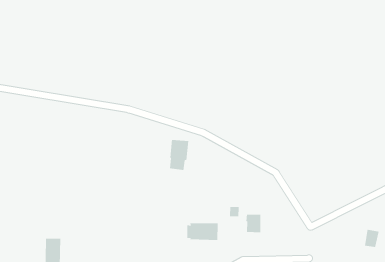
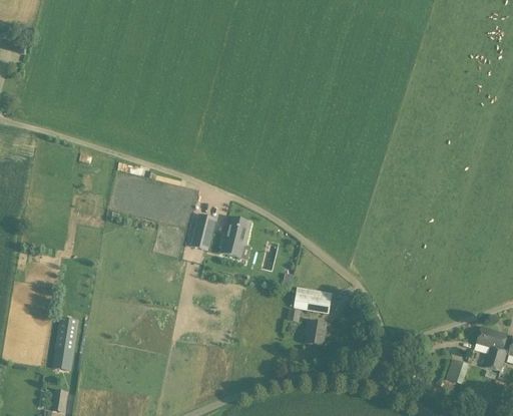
building: none -> [191,215,215,250]
building: [187,223,218,240] -> [290,288,331,314]

